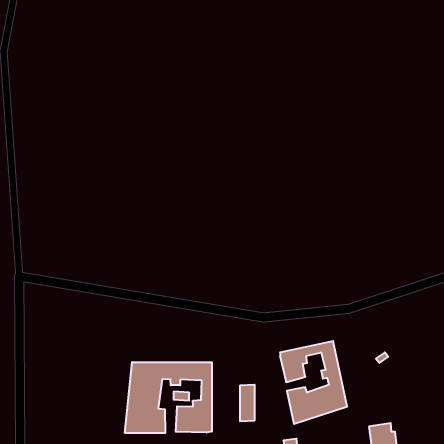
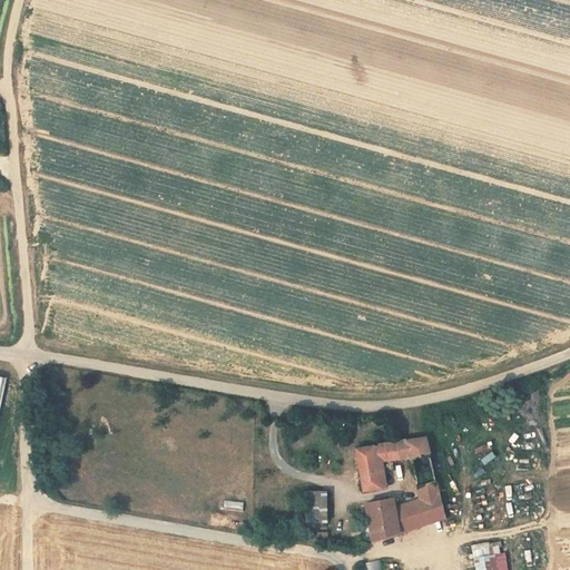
building: [125,362,212,433] -> none

